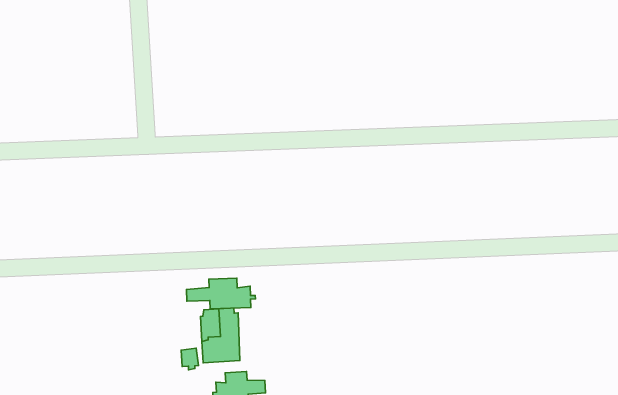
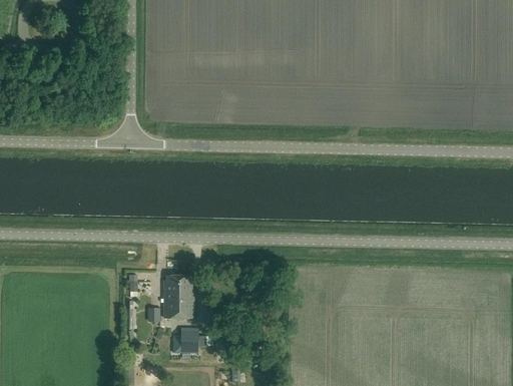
building: [186,278,255,309] -> none

